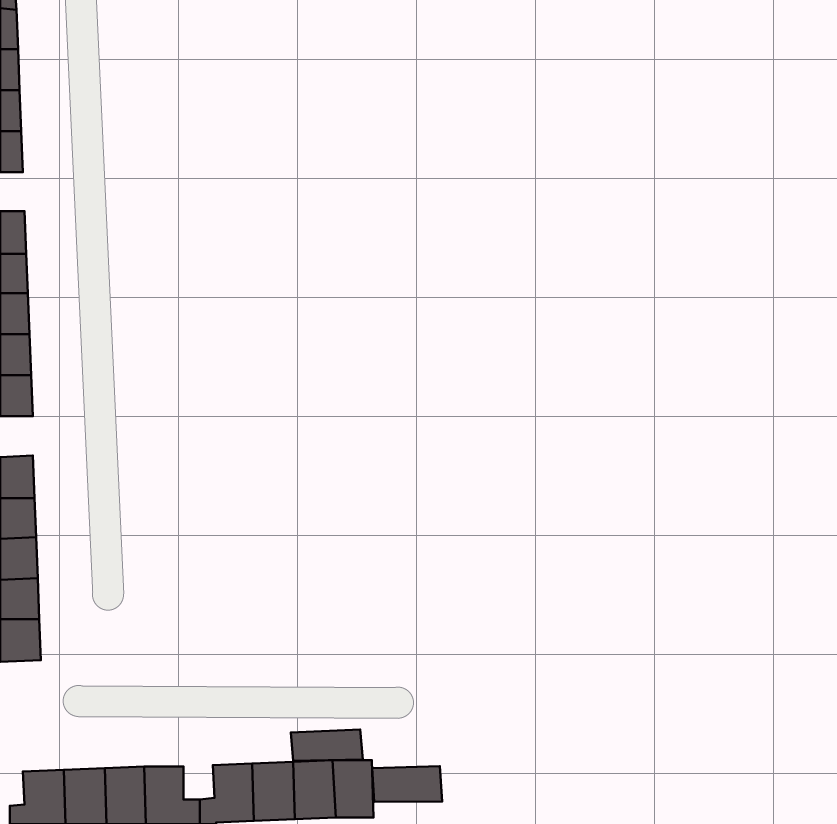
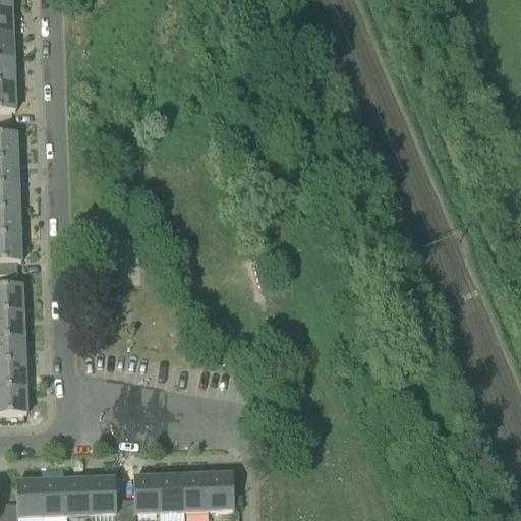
building: [291,730,363,761] -> none
building: [372,766,442,802] -> none

